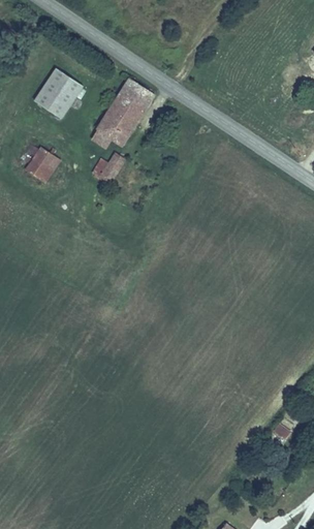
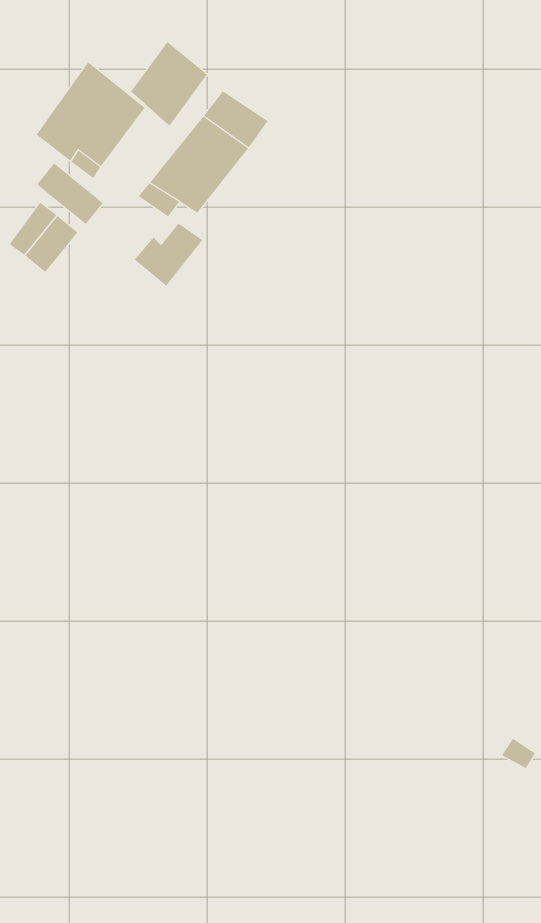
building: none -> [130,41,208,126]
building: none -> [36,163,103,225]

